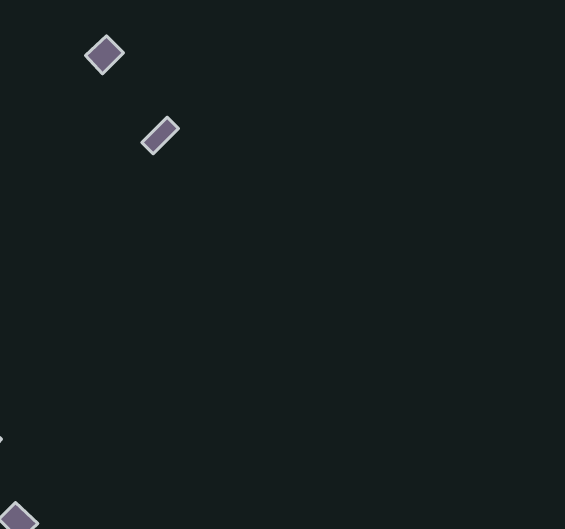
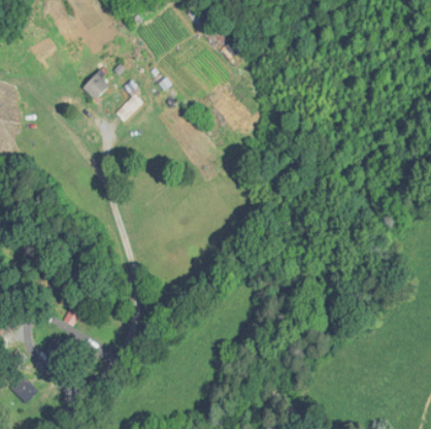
building: [86,36,123,74] -> [82,71,110,99]

